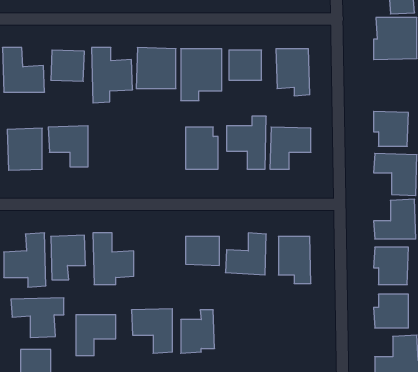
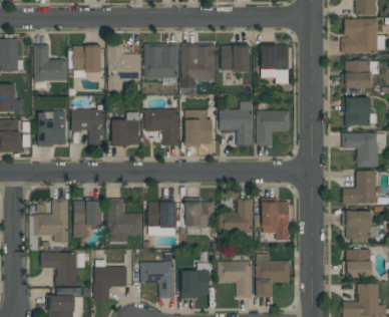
building: none -> [342,60,371,89]
building: none -> [144,109,178,146]
building: none -> [111,112,139,145]
building: none -> [148,203,175,228]
building: none -> [257,254,290,298]
building: none -> [219,261,252,298]

